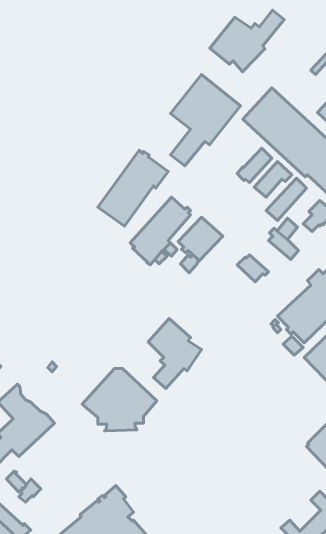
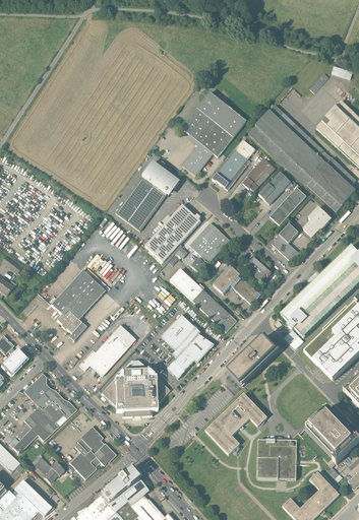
building: [210,10,284,72] -> none
building: none -> [212,138,255,189]
building: none -> [214,265,260,304]
building: none -> [170,267,237,331]
building: none -> [51,269,105,339]
building: none -> [79,324,135,375]
building: none -> [227,334,280,386]
building: none -> [205,392,267,453]
building: none -> [69,427,115,478]
building: none -> [257,439,297,478]

